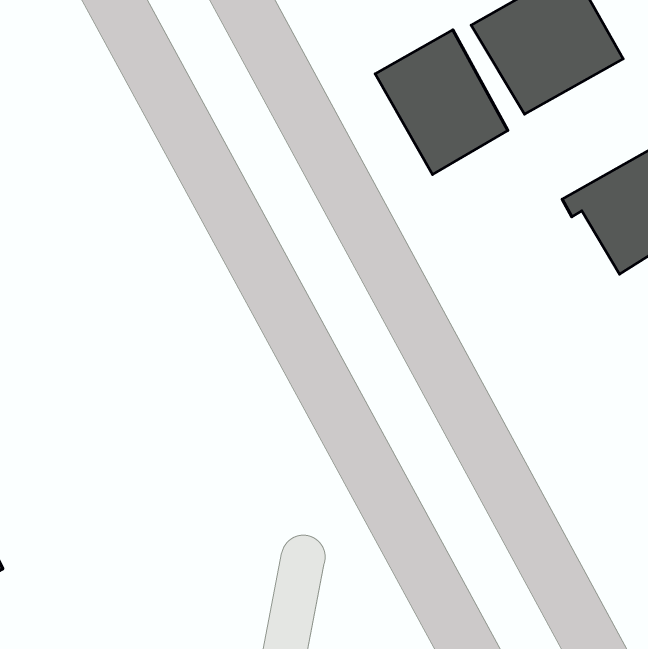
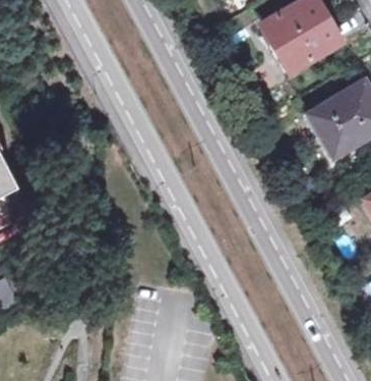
building: [375,30,508,174] -> none

